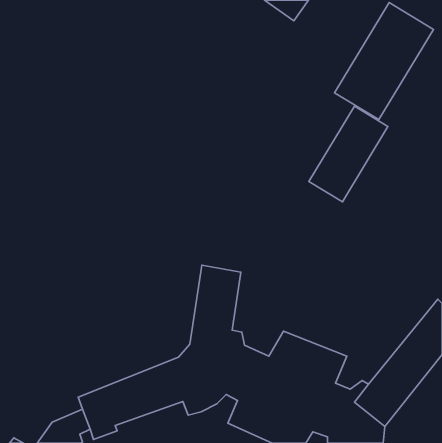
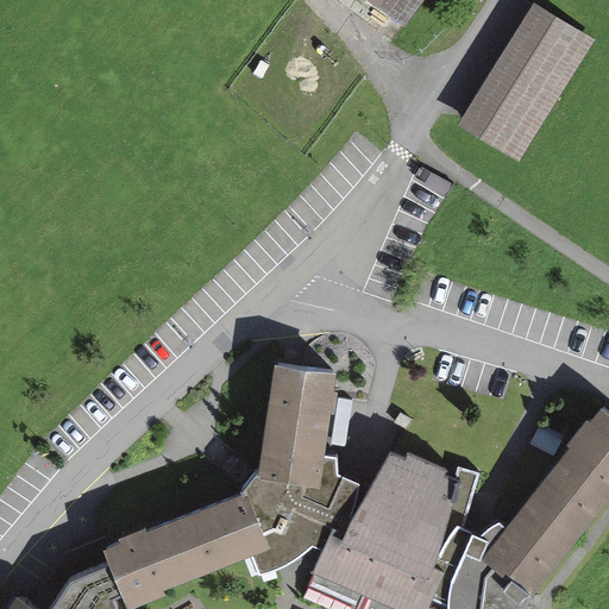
building: [309,106,388,202] -> none

